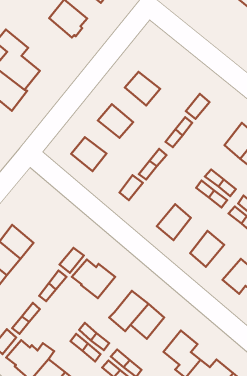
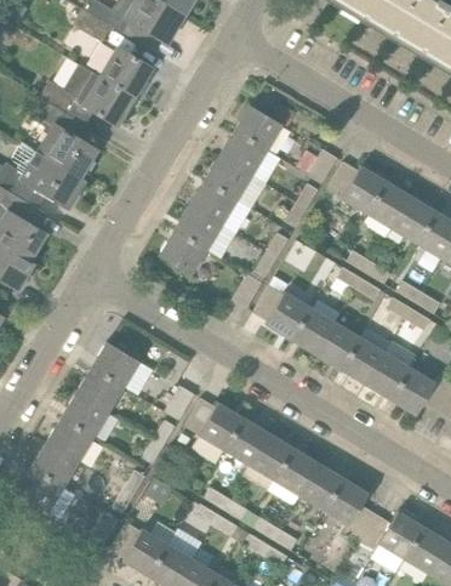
building: none -> [41,64,137,126]
building: none -> [235,106,282,150]
building: none -> [205,155,252,201]
building: none -> [327,163,387,215]
building: none -> [175,206,222,250]
building: none -> [253,285,312,340]
building: none -> [92,342,141,387]
building: none -> [316,322,361,370]
building: none -> [366,352,412,400]
building: none -> [224,417,269,466]
building: none -> [299,463,344,511]

